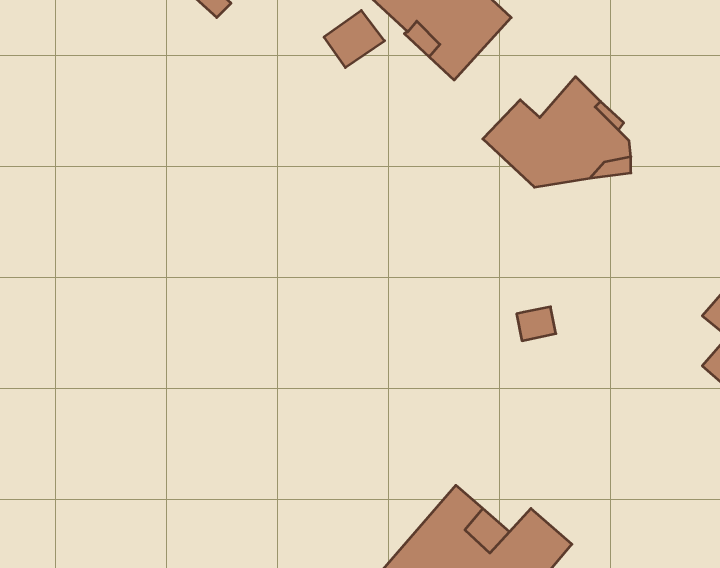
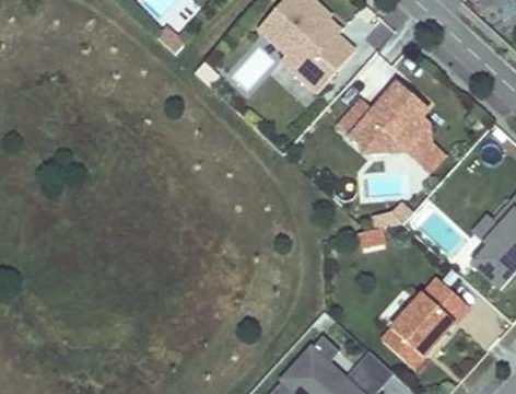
building: none -> [382,277,469,367]

